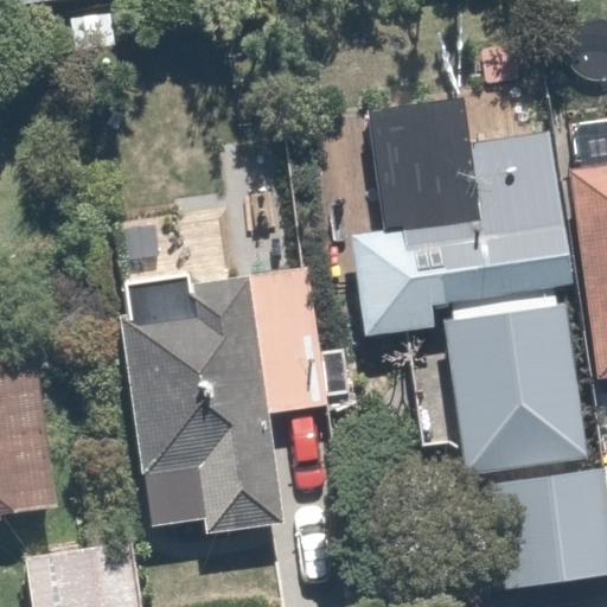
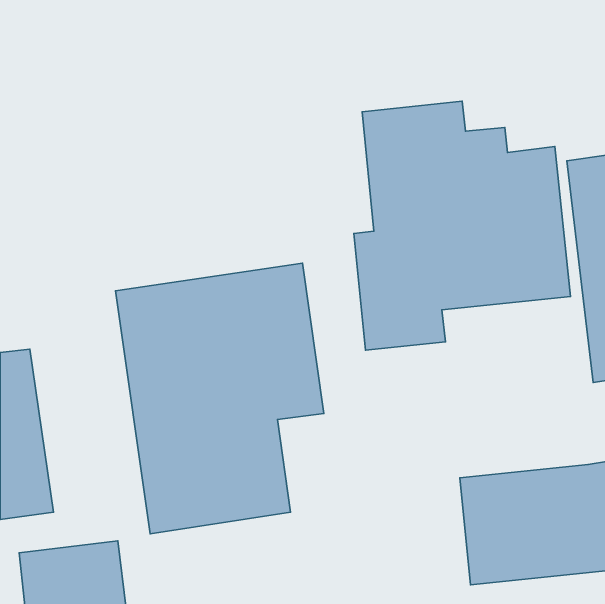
building: [443,300,589,480] -> none

